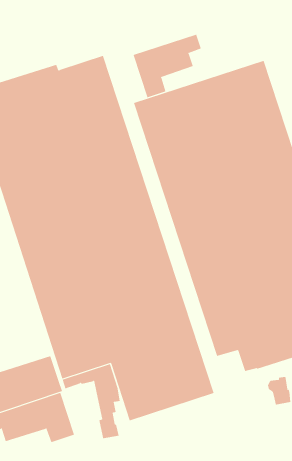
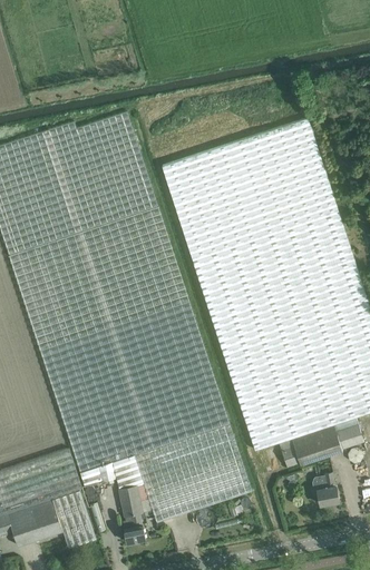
building: [133,34,202,98] -> none

